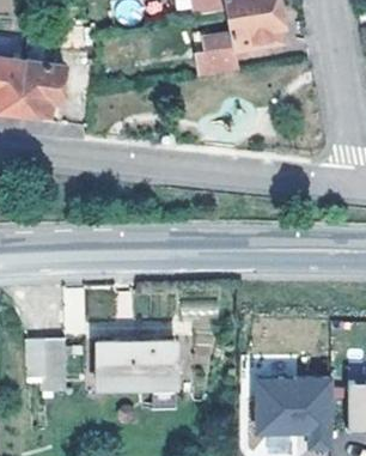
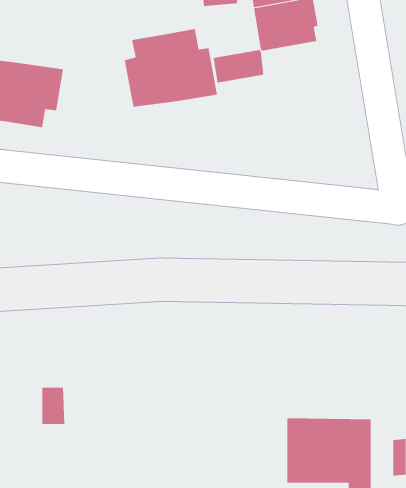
building: none -> [124,28,218,107]
building: [100,343,179,388] -> none

